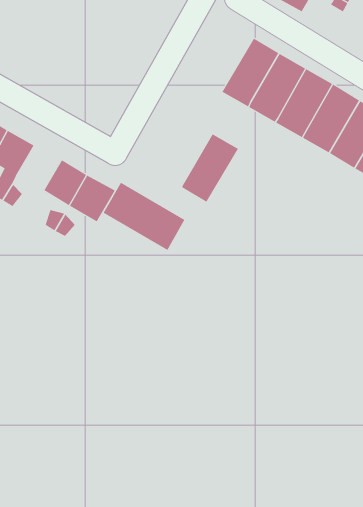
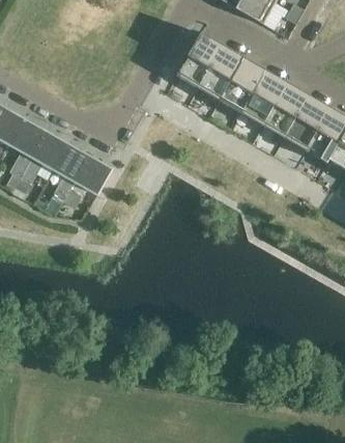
building: [181,133,239,203] -> [176,31,223,87]
building: none -> [31,131,67,167]
building: [103,182,185,251] -> none

